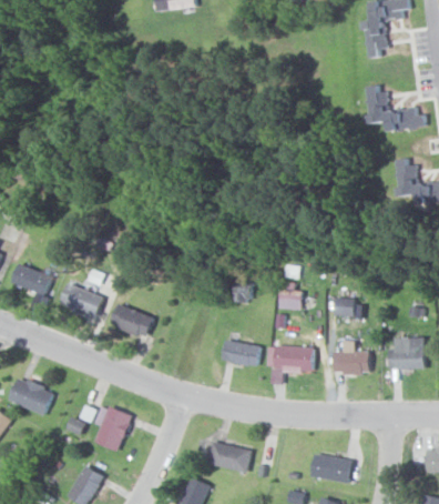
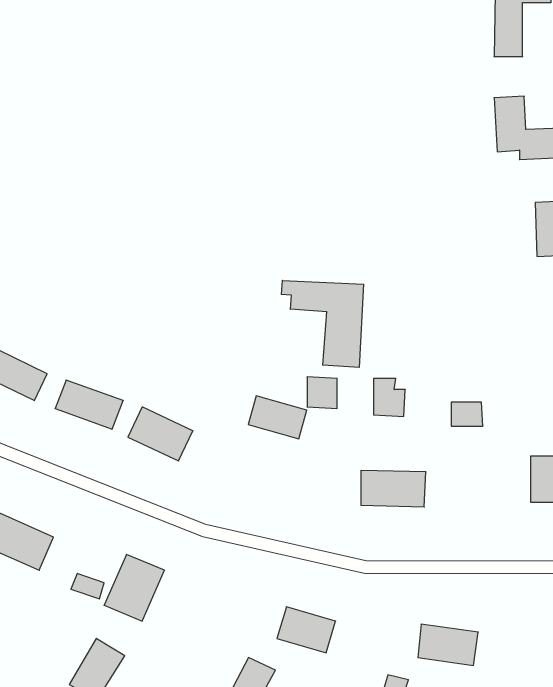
building: none -> [281,280,363,367]
building: [222,339,263,369] -> [248,396,307,439]
building: [335,351,372,374] -> none

